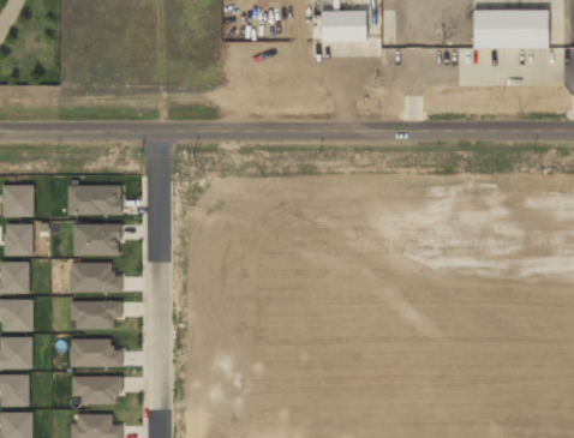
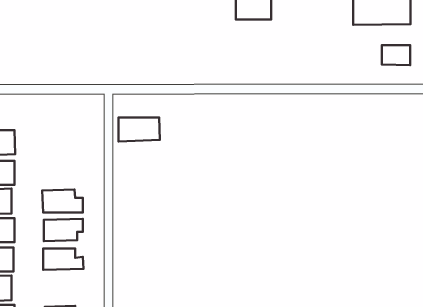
building: none -> [382,45,410,65]
building: [67,185,121,216] -> [118,118,160,142]
building: [73,223,120,256] -> none
building: [71,376,122,403] -> none

